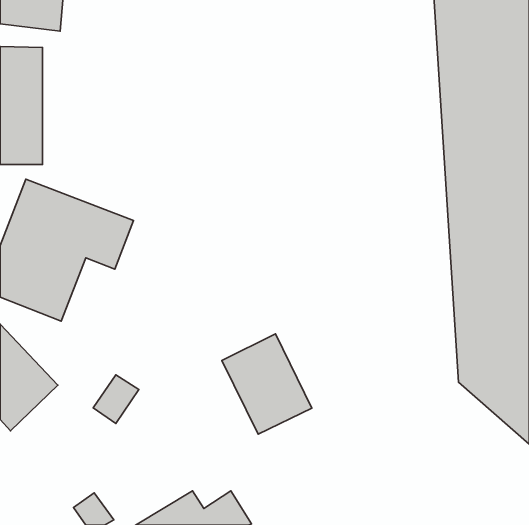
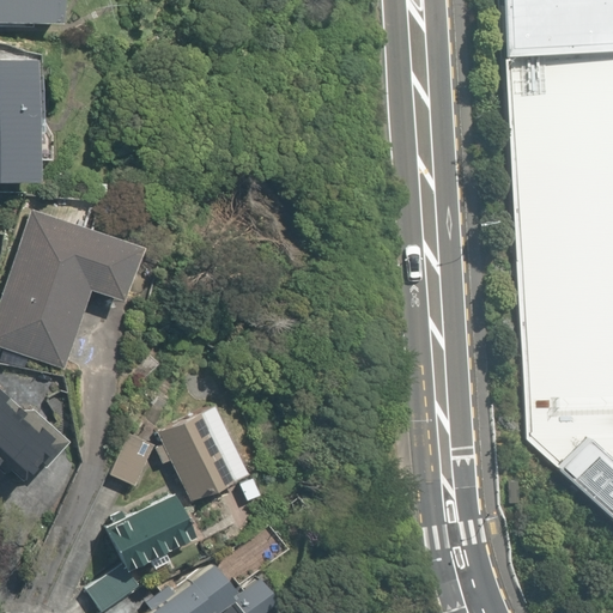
building: [222,334,312,434] -> [156,394,260,510]
building: none -> [99,486,196,570]

